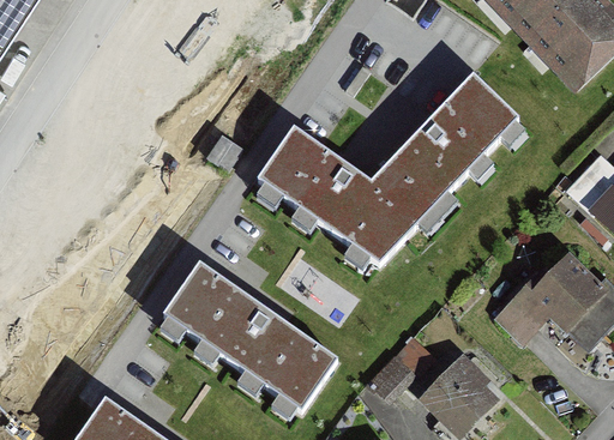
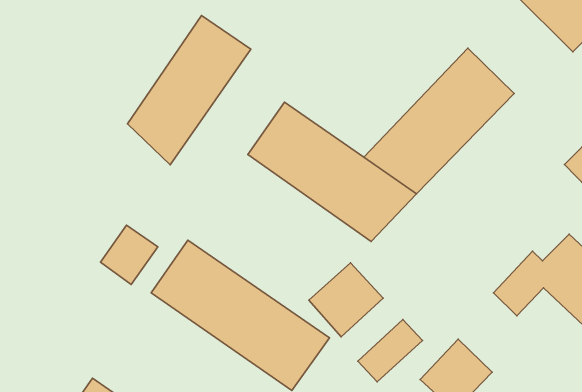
building: none -> [128,16,251,165]
building: none -> [101,225,158,284]
building: none -> [309,263,383,337]

